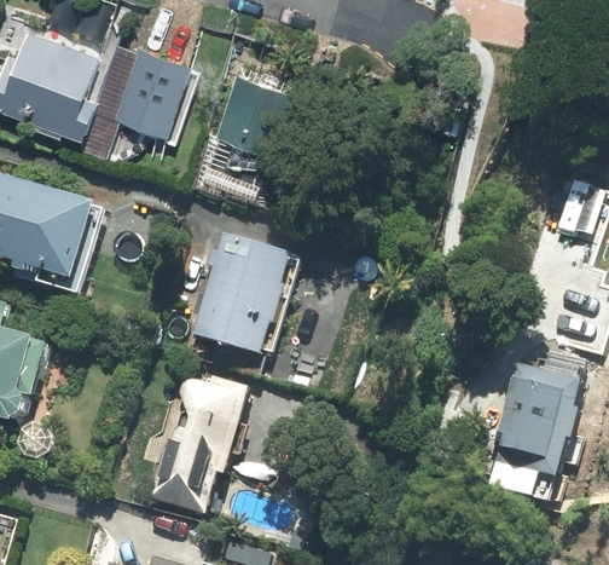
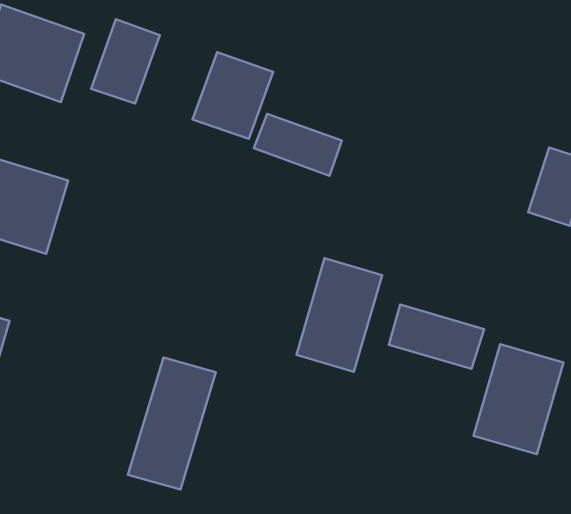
building: none -> [254,114,342,176]
building: [199,237,284,350] -> [297,258,382,372]
building: none -> [389,304,484,369]

